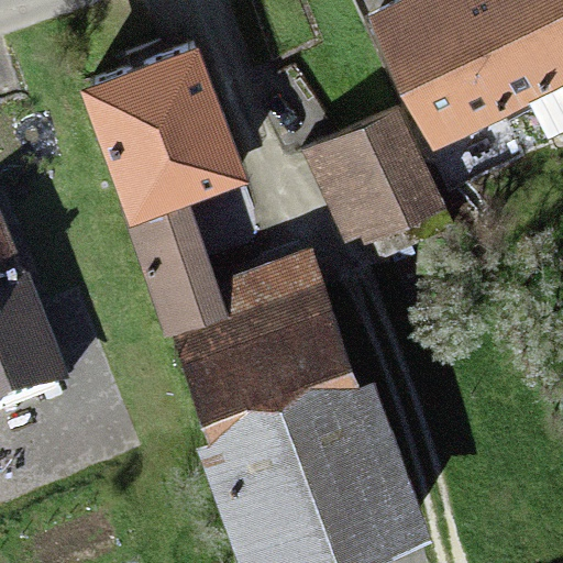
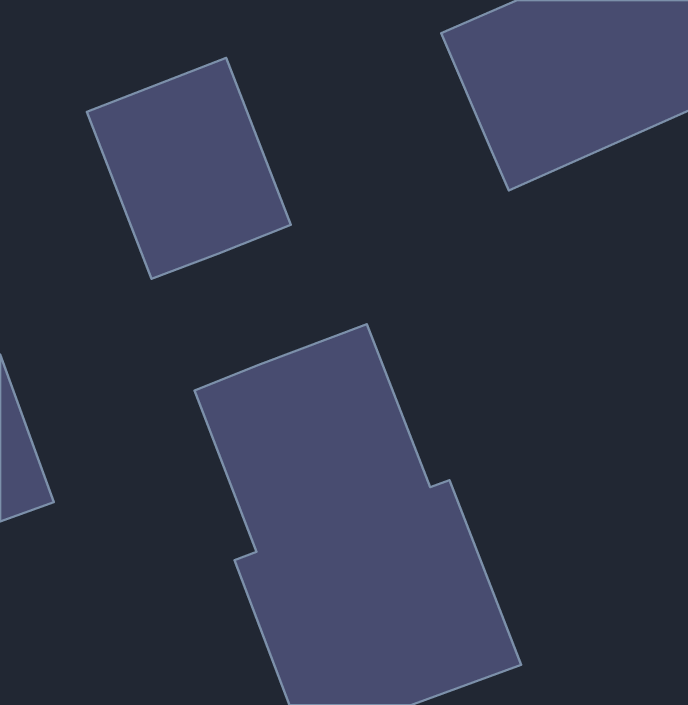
building: [318,119,444,245] -> none
building: [134,202,221,311] -> none

